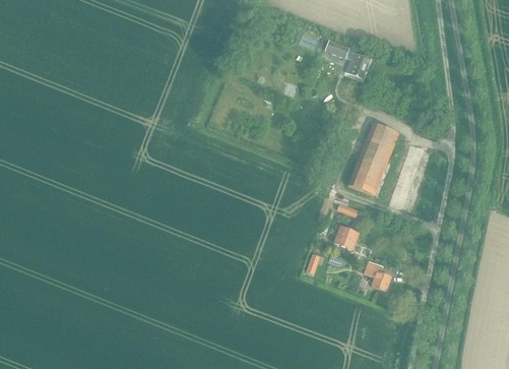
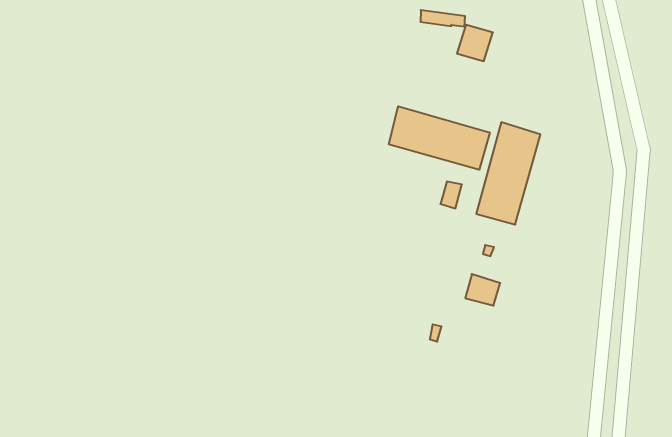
building: none -> [389,106,490,170]
building: [365,261,390,291] -> none

